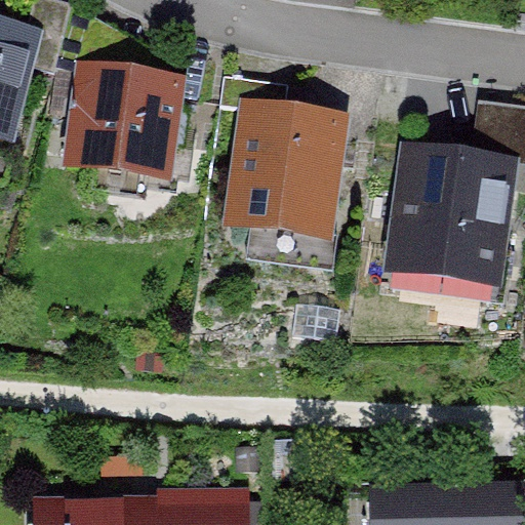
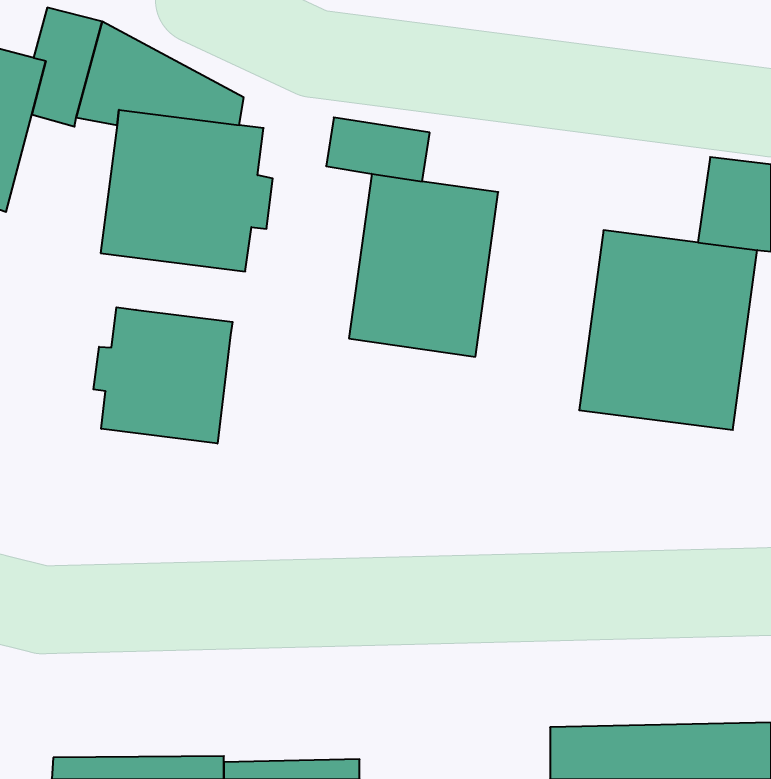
building: none -> [93,307,233,444]

